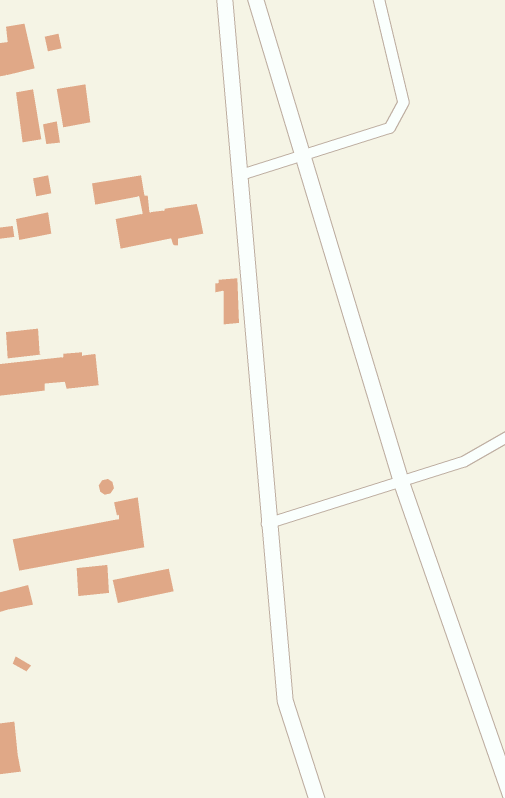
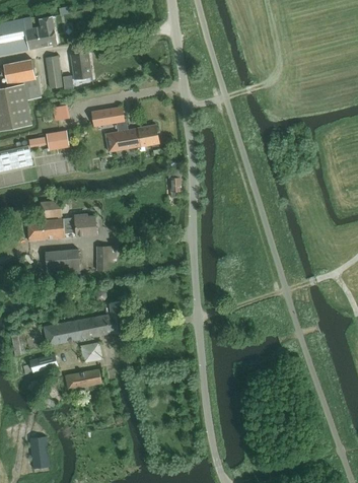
building: none -> [96,246,116,270]
building: none -> [45,249,79,276]
building: [112,568,174,603] -> [64,368,101,390]

